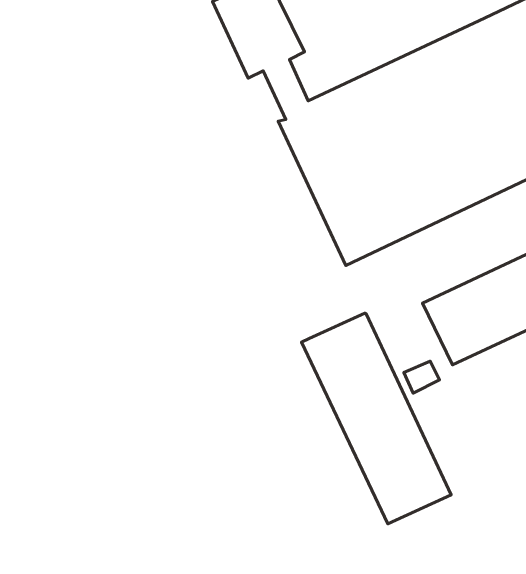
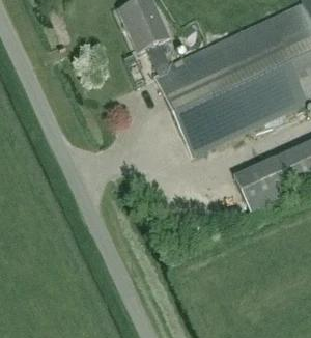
building: [301,313,451,524] -> none

